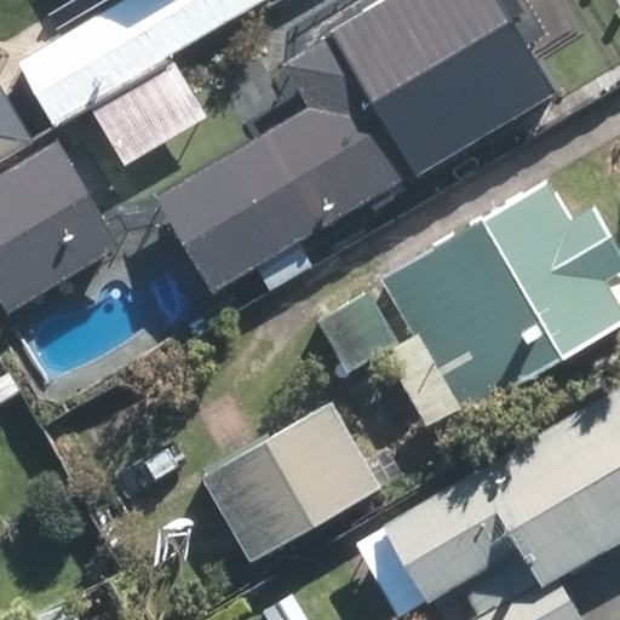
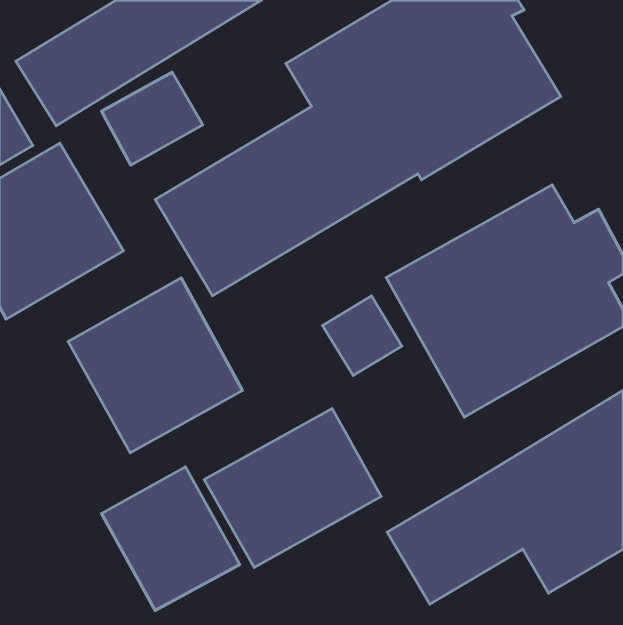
building: none -> [68,278,243,453]
building: none -> [101,467,240,611]

